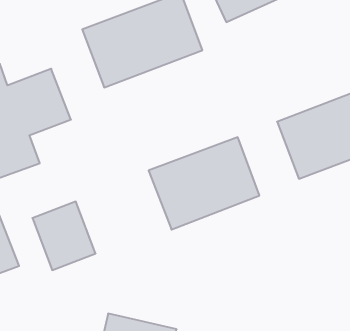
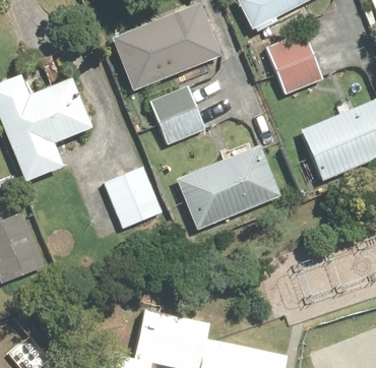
building: none -> [263,28,328,96]
building: none -> [148,80,208,142]
building: [32,202,96,270] -> [104,164,166,231]

